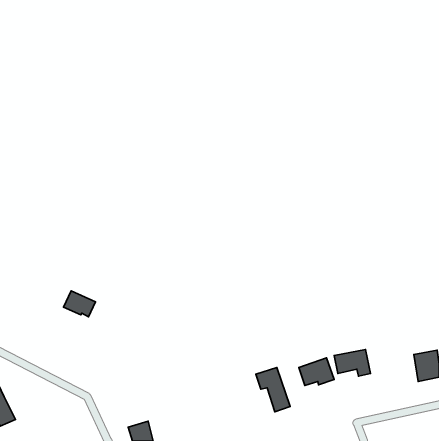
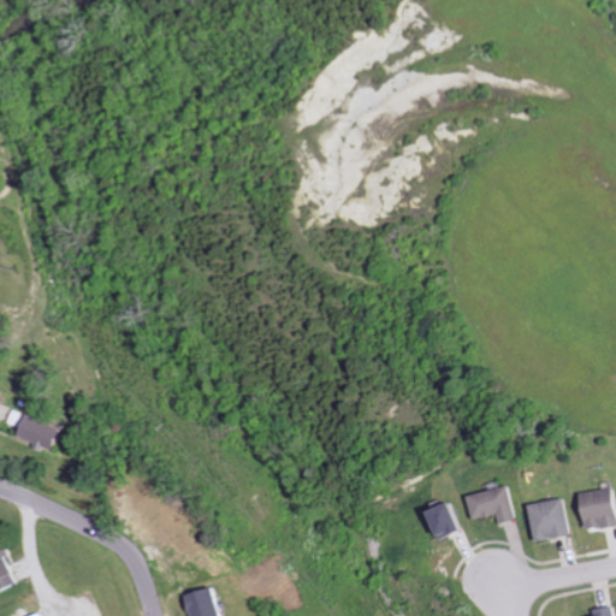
building: [64,291,96,317] -> [18,414,63,450]
building: none -> [523,497,570,541]
building: [256,367,290,412] -> none

